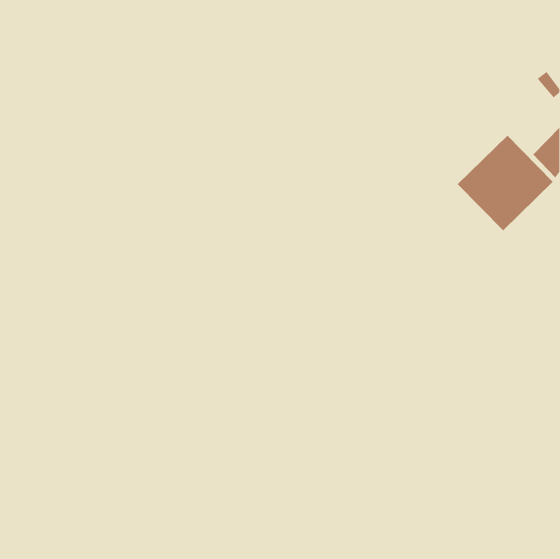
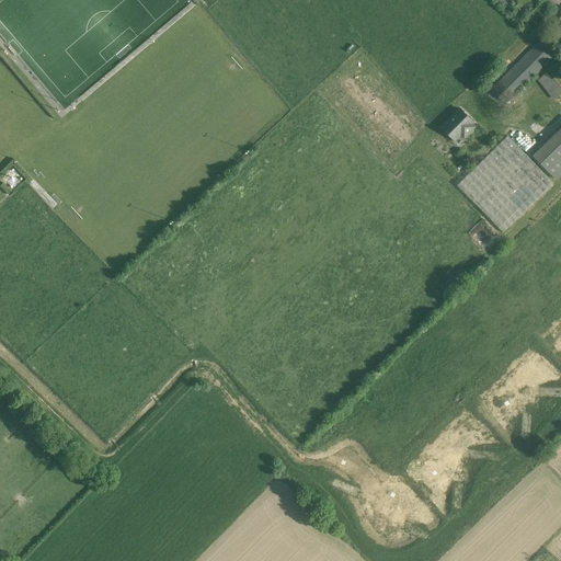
building: none -> [490,39,554,103]
building: none -> [439,106,473,139]

